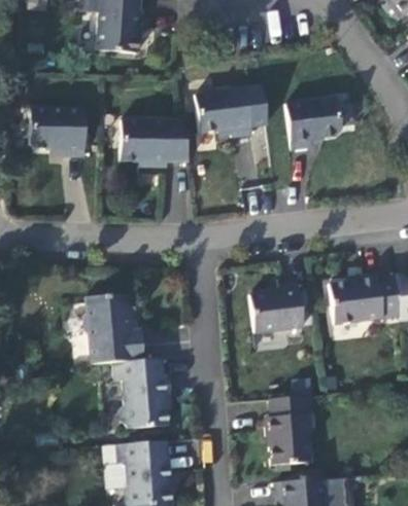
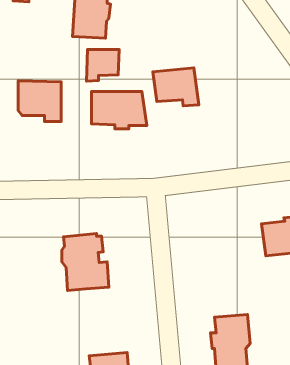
building: none -> [86,50,119,81]
building: [287,96,342,148] -> none
building: [253,283,308,332] -> none
building: [114,360,172,430] -> none

